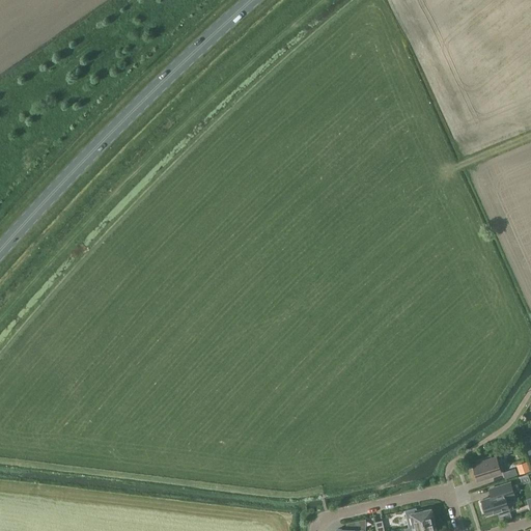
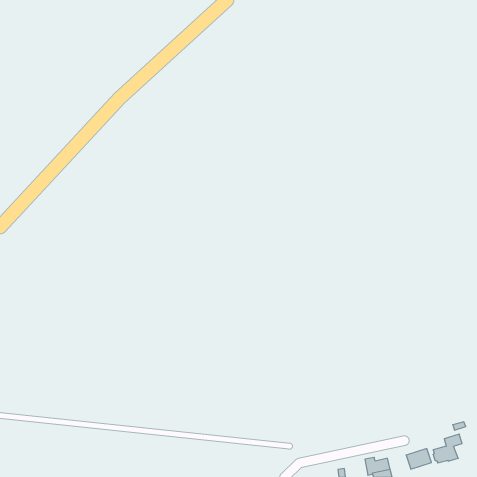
building: [473,457,501,480] -> [406,449,431,469]

